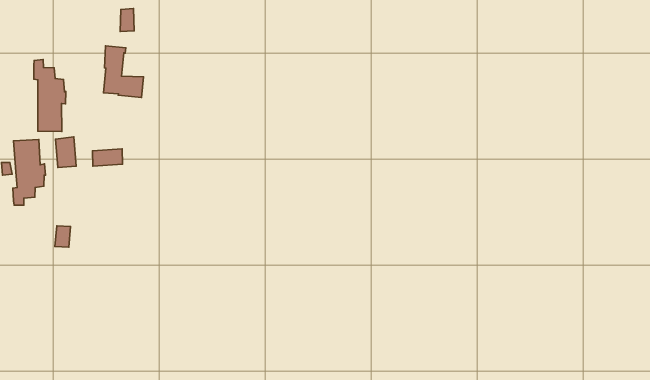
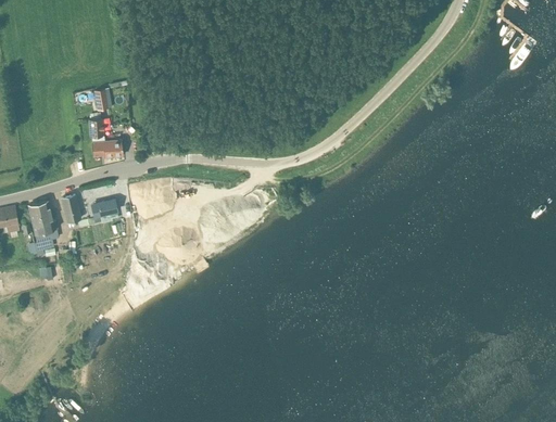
building: [34,60,66,131] -> none

